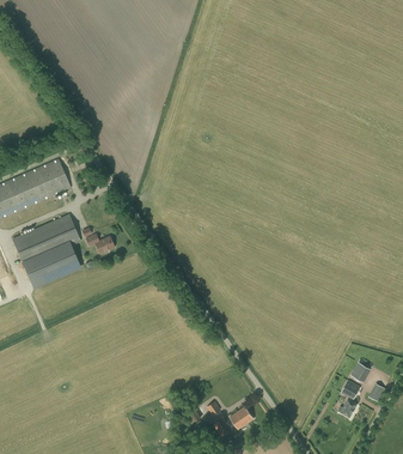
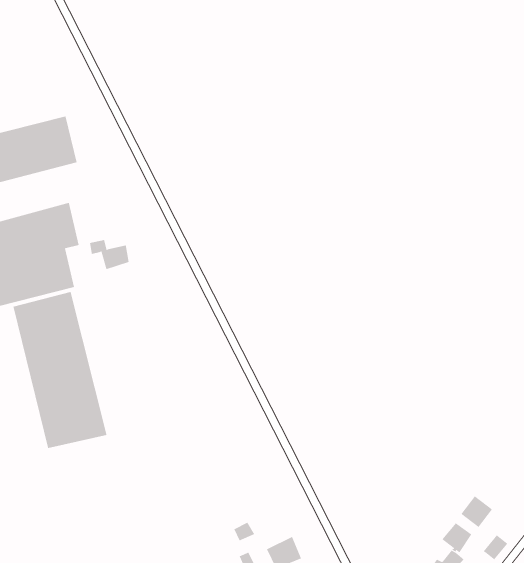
building: none -> [13,291,107,449]

